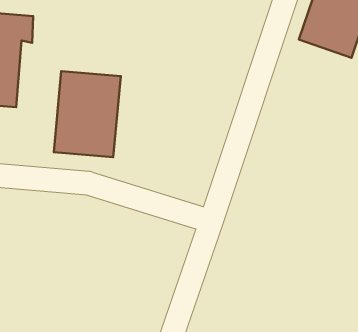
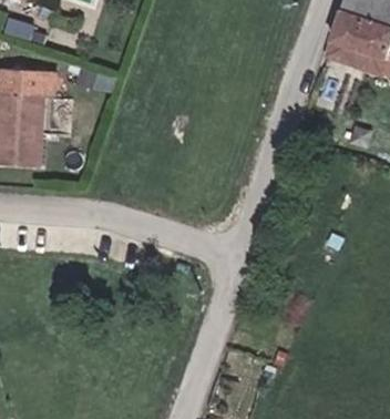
building: [54,71,121,157] -> none

